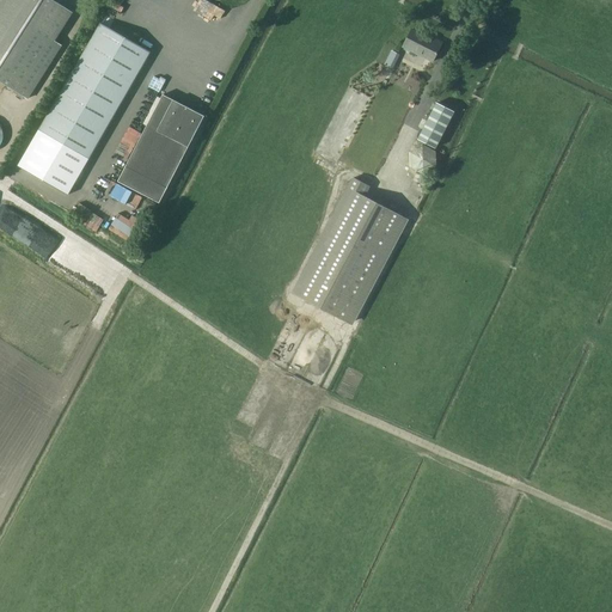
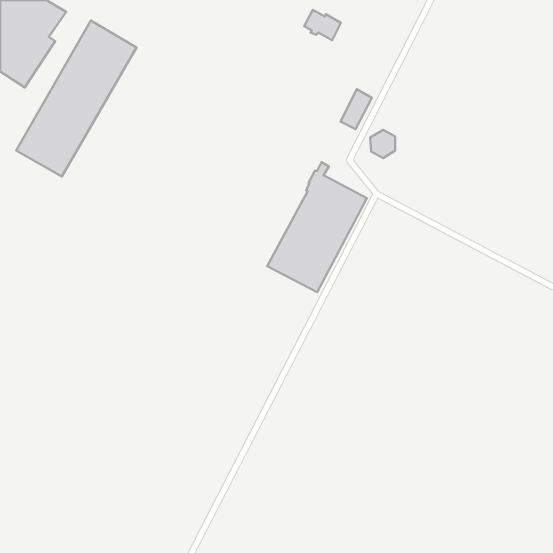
building: [402,29,442,62] -> [304,10,341,40]
building: [118,93,204,202] -> none
building: [418,103,453,147] -> [340,89,372,129]

